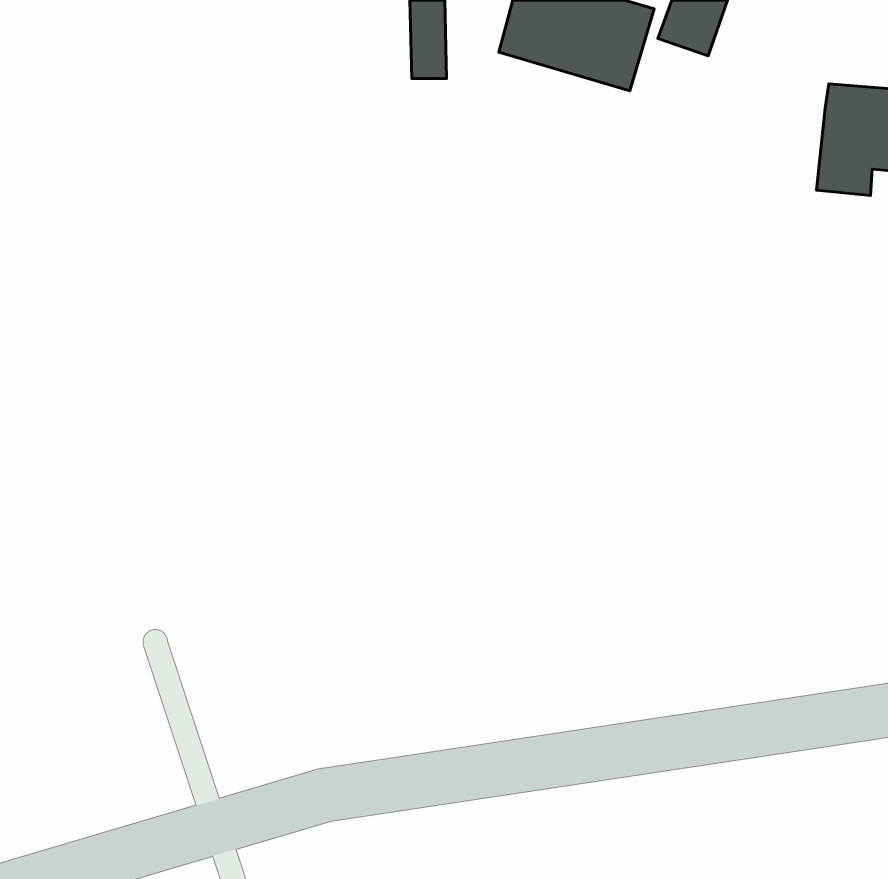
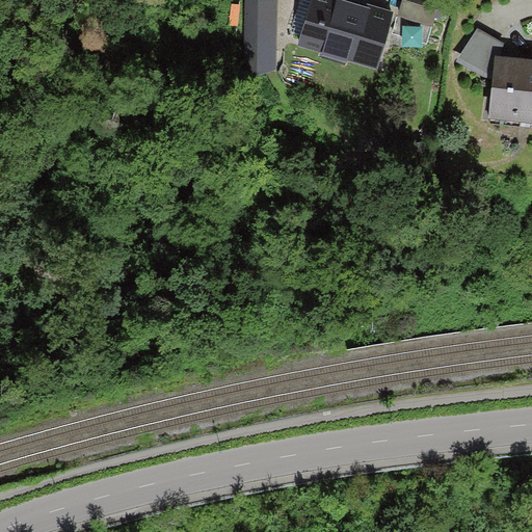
building: none -> [462,29,498,72]

